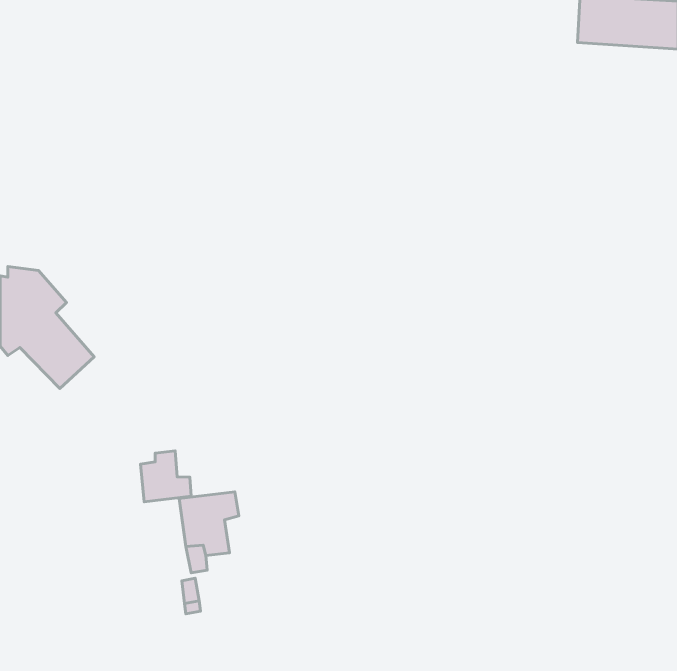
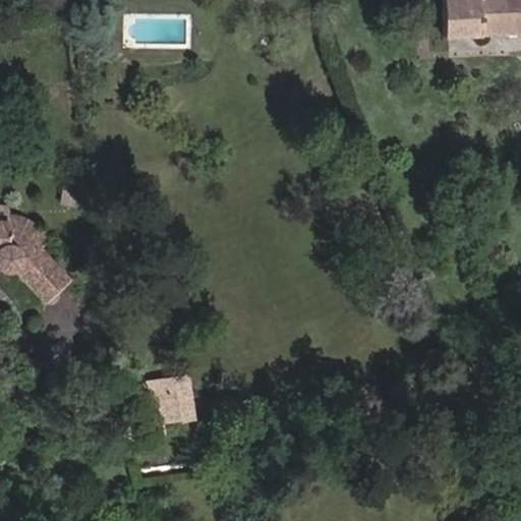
building: [141,451,191,502] -> none

